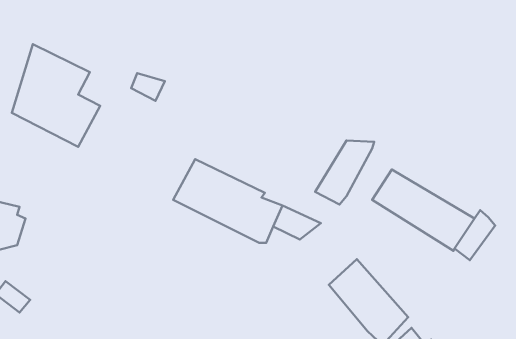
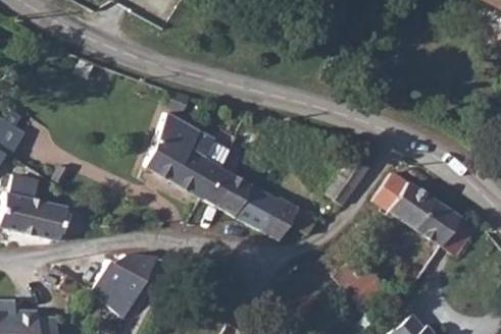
building: [12,44,100,147] -> [141,109,218,199]
building: none -> [86,258,157,316]

